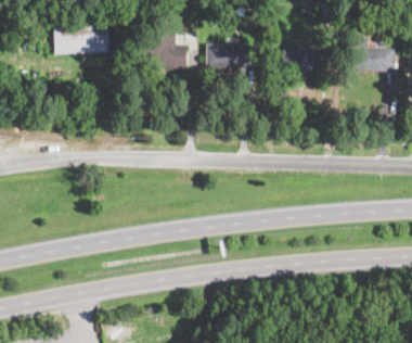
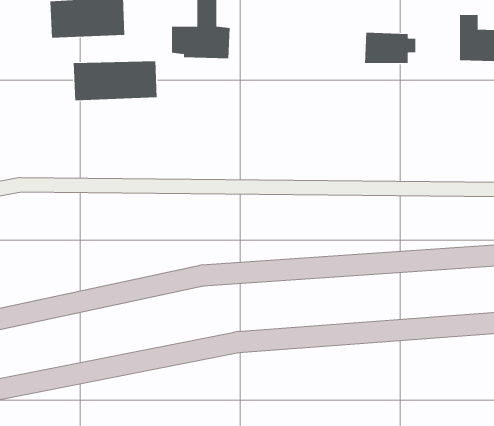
building: [206,43,250,67] -> none
building: none -> [73,61,157,101]

